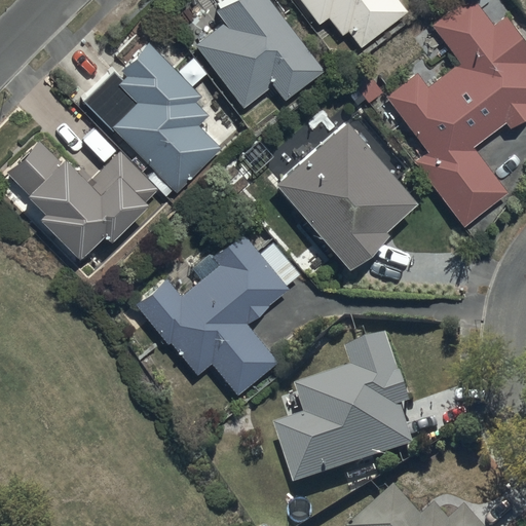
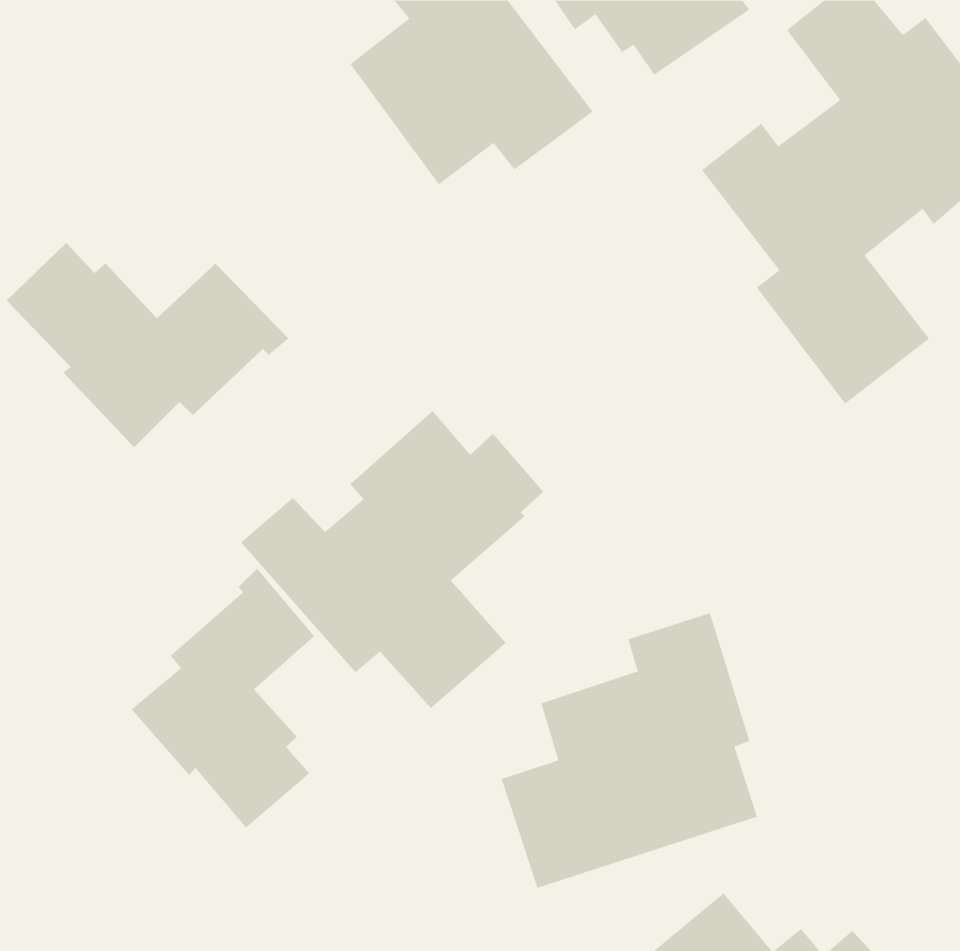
building: [83,42,221,193] -> none
building: [275,119,416,263] -> none
building: none -> [131,568,315,828]

